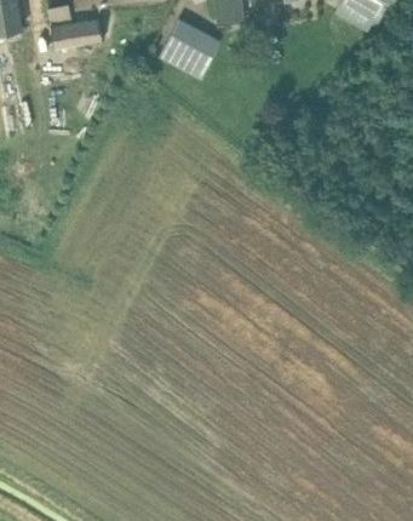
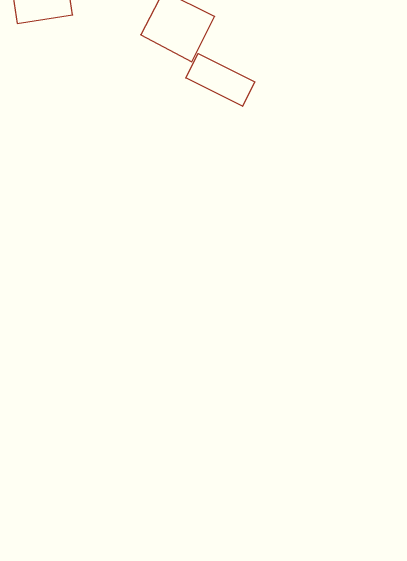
building: none -> [186,54,255,106]

